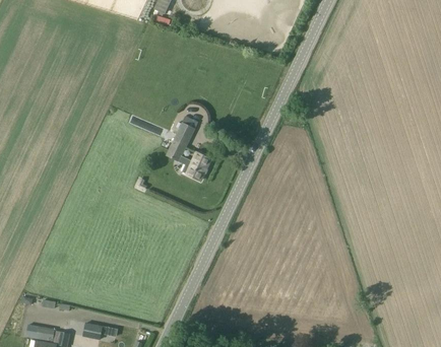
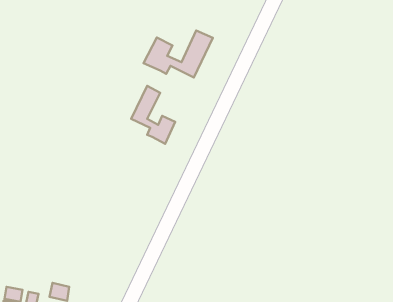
building: none -> [144,30,213,77]

